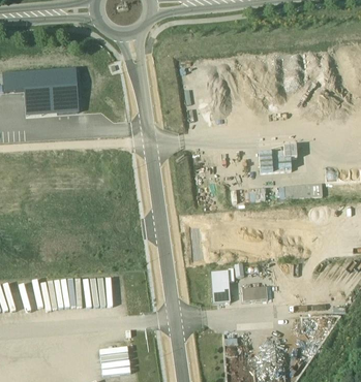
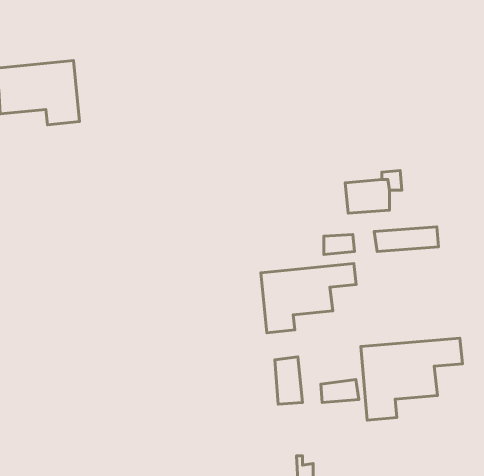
building: none -> [261,263,356,333]
building: none -> [361,338,462,420]

